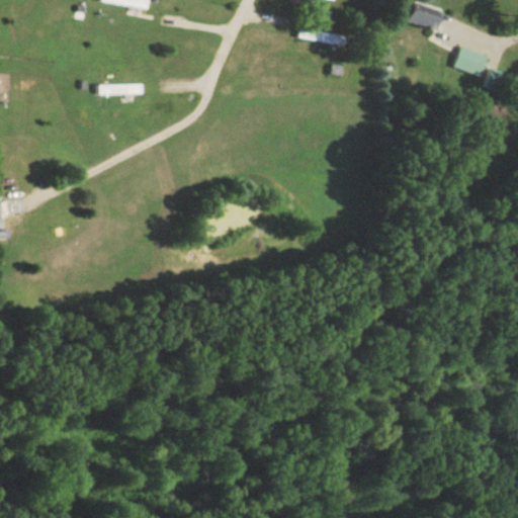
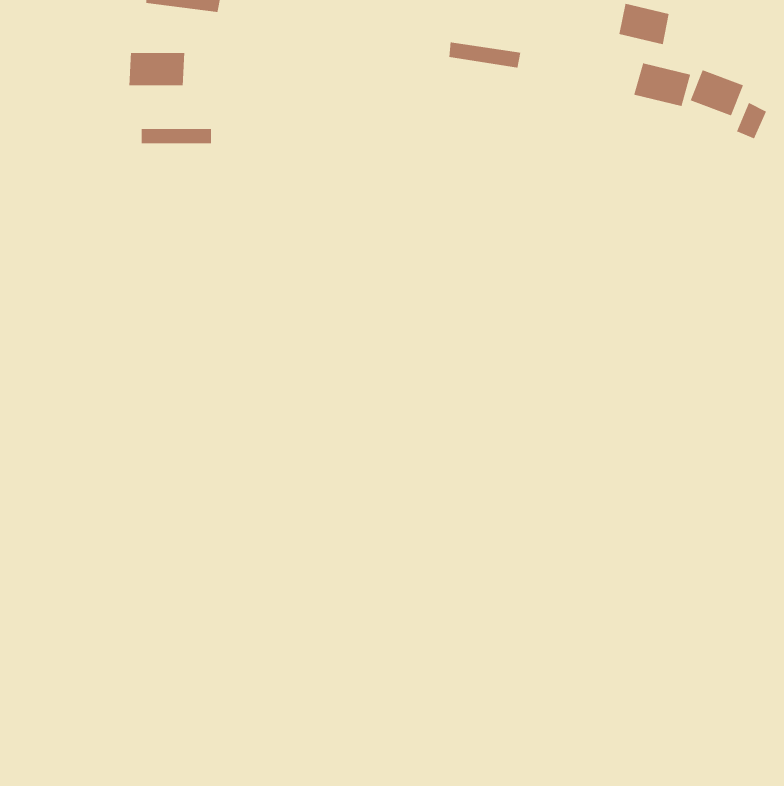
building: none -> [129,52,185,86]
building: none -> [634,63,691,107]

